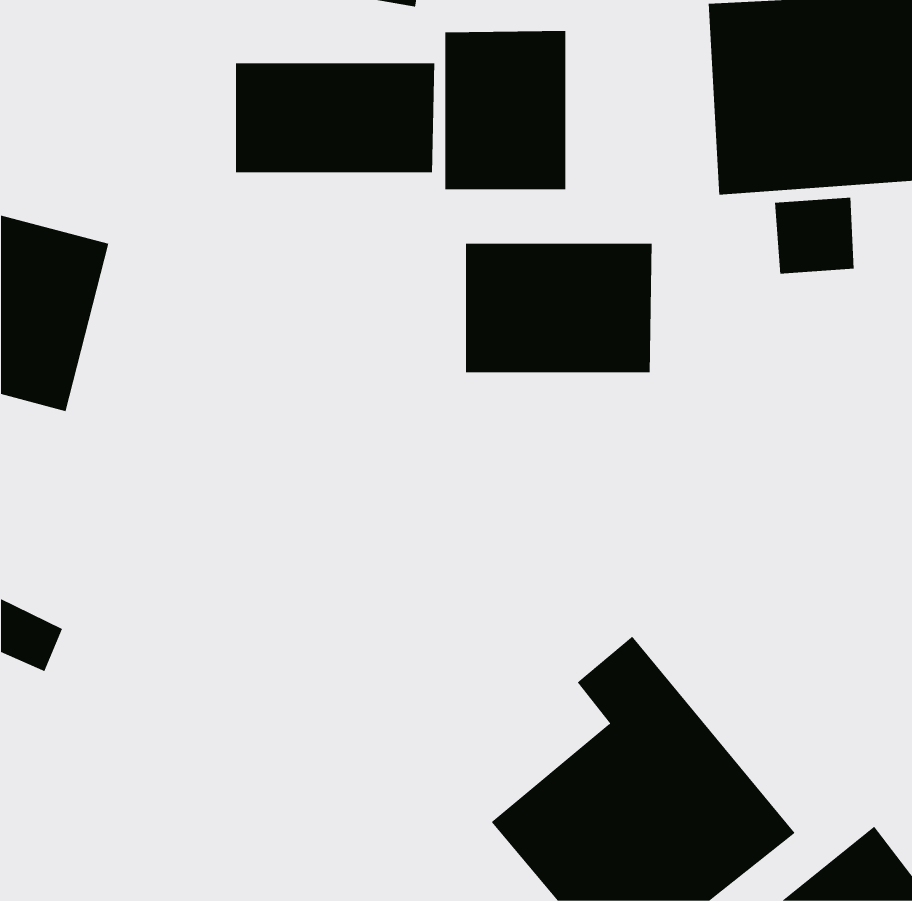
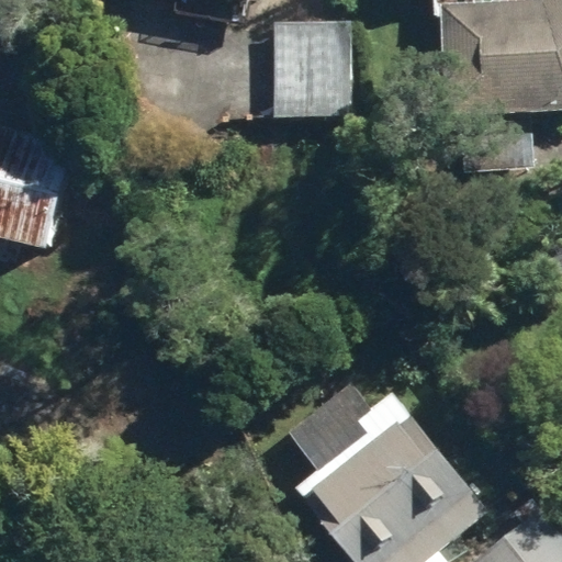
building: [236,62,435,173] -> none
building: [466,243,652,373] -> none

